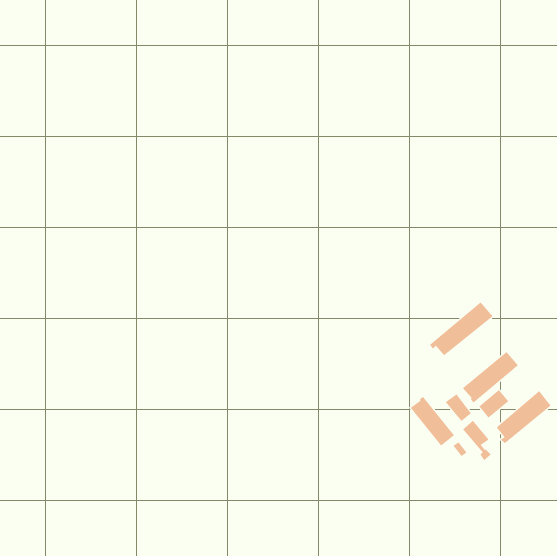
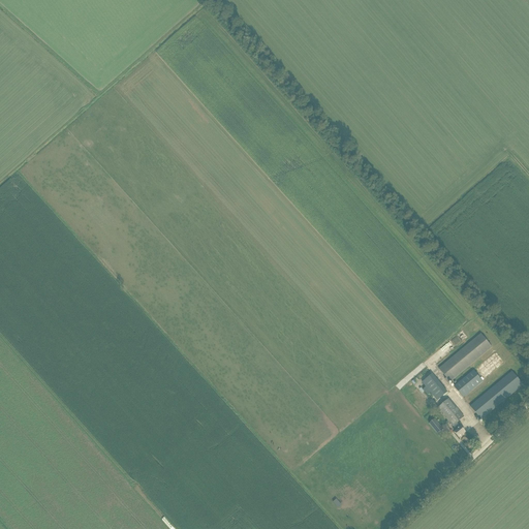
building: [429,302,494,356] -> none
building: [410,396,455,446] -> none

